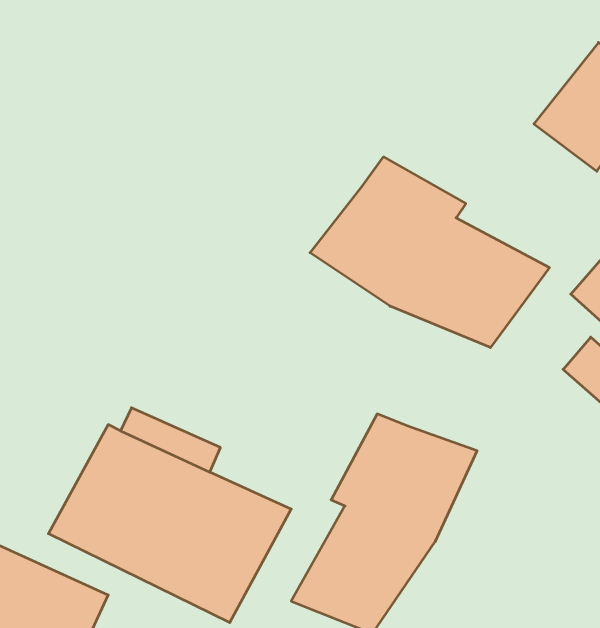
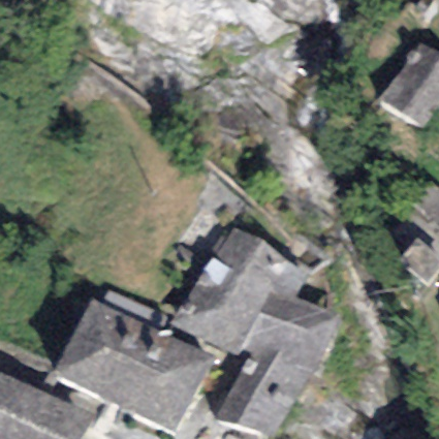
building: [310,157,549,348] -> none
building: none -> [169,225,310,355]

